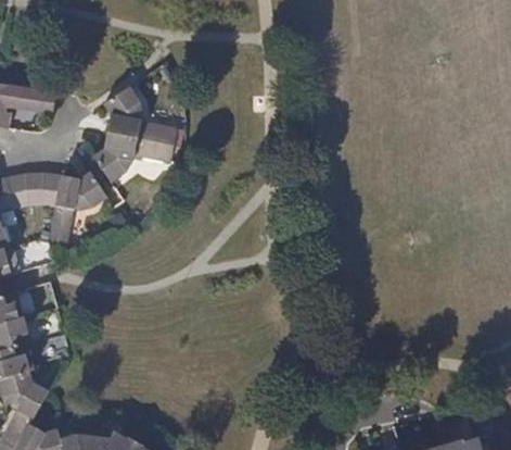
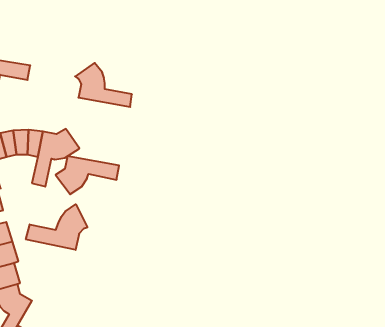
building: [92,132,174,180] -> [56,156,119,194]
building: none -> [26,204,87,250]

